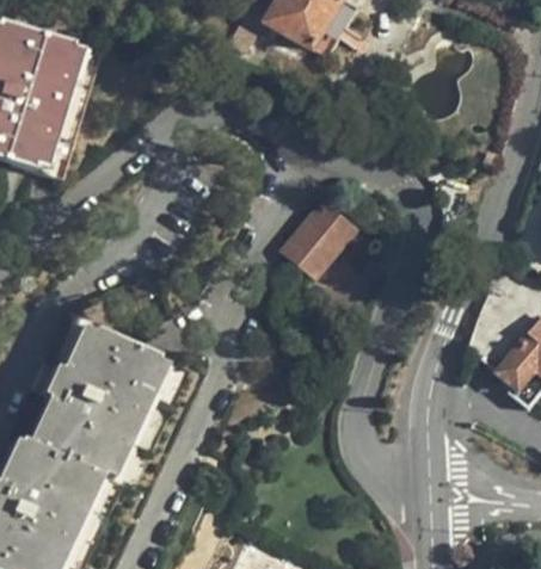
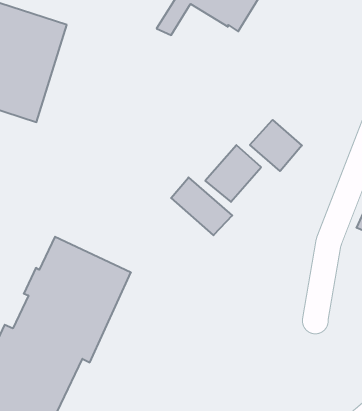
building: none -> [250,120,302,171]
building: none -> [171,177,232,235]

